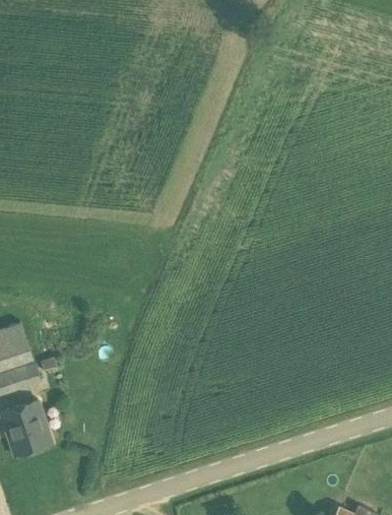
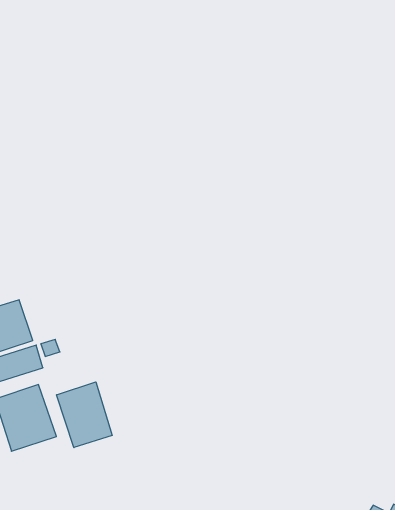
building: none -> [57,382,112,448]

